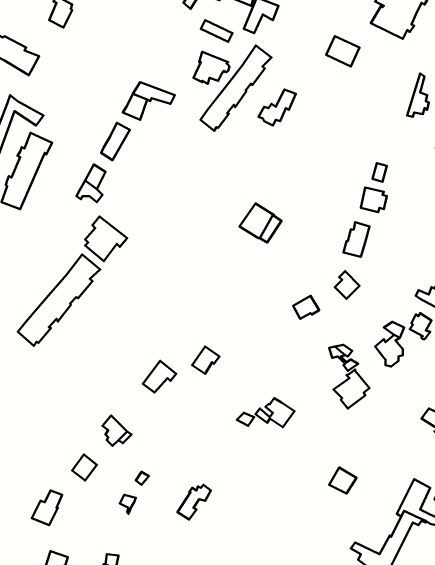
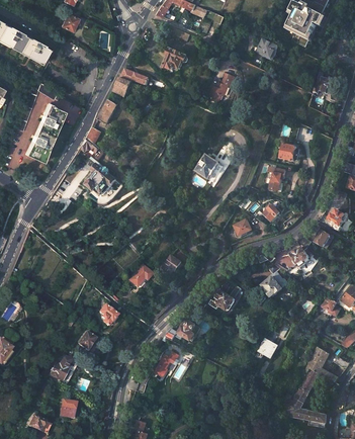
building: [200,46,272,131] -> none
building: [18,254,100,346] -> none
building: none -> [163,321,201,342]

